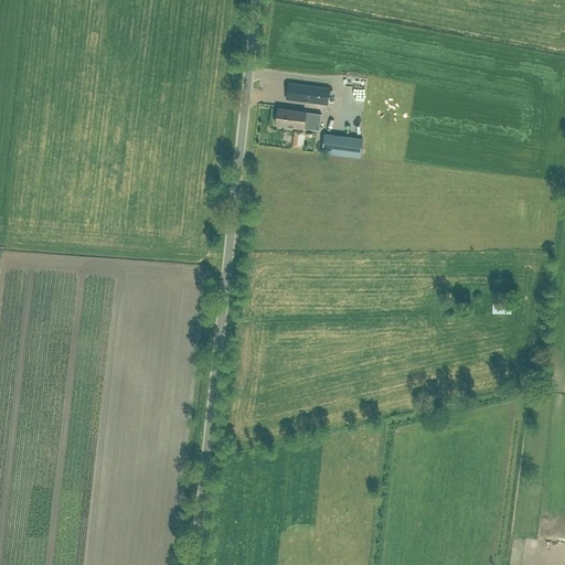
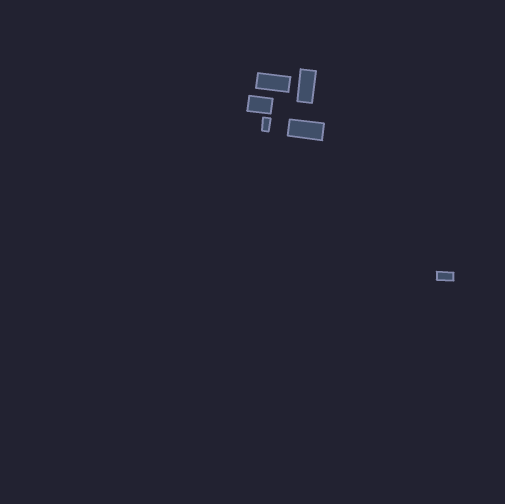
building: none -> [298,69,316,103]

